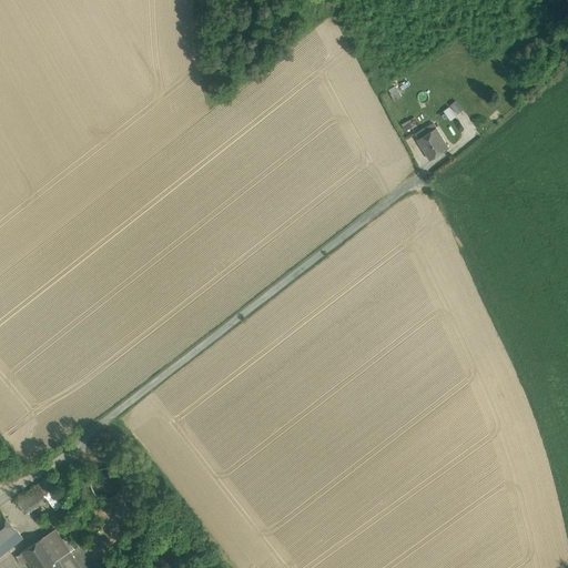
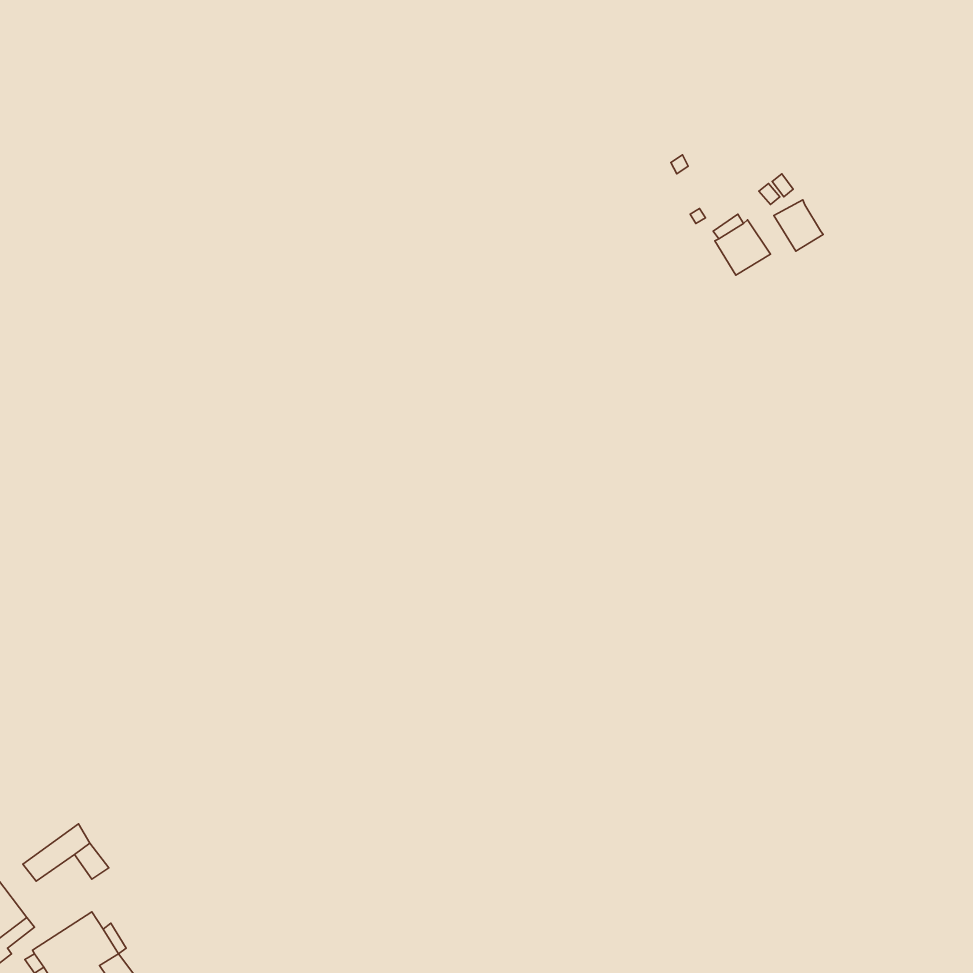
building: none -> [774,200,823,251]

